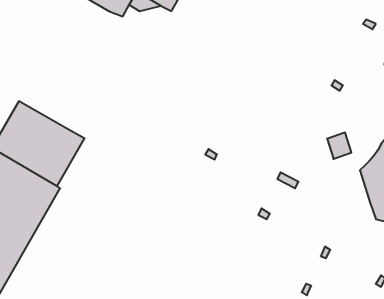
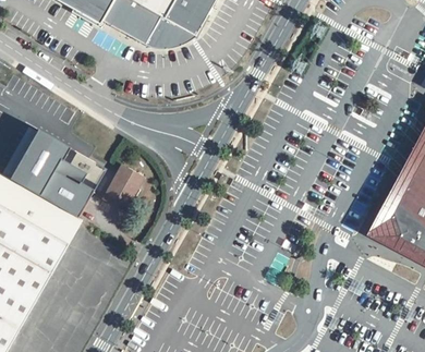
building: none -> [132,31,196,49]
building: [327,132,351,159] -> [376,215,401,242]
building: none -> [102,163,143,208]

